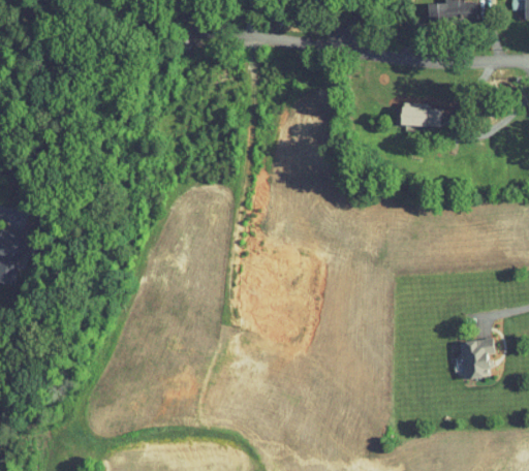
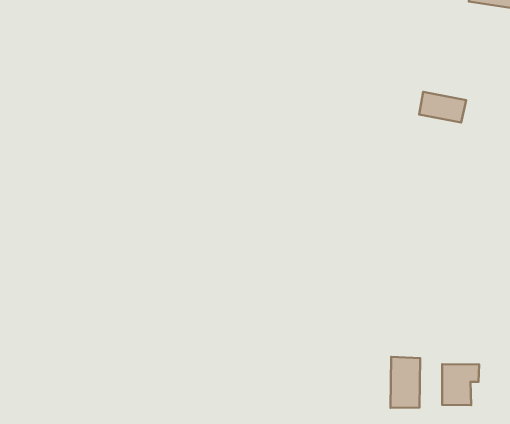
building: none -> [390,357,420,408]

